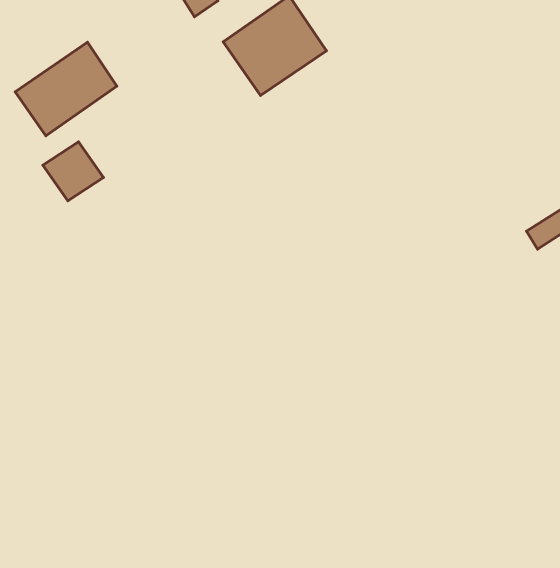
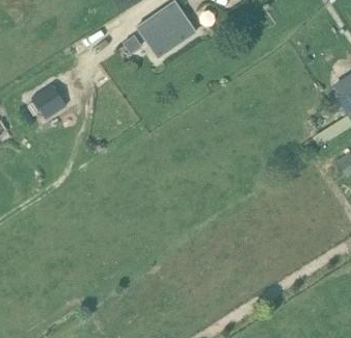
building: [15,42,117,136] -> none

